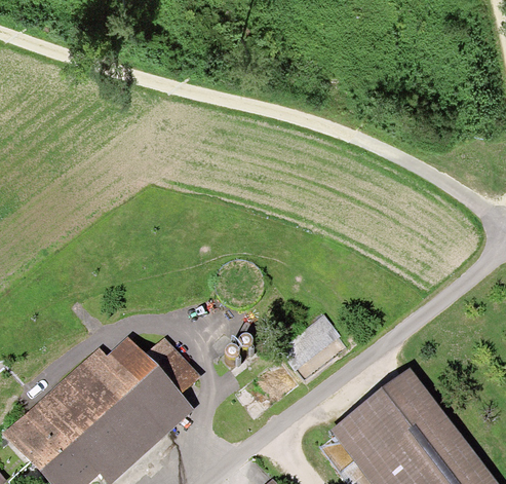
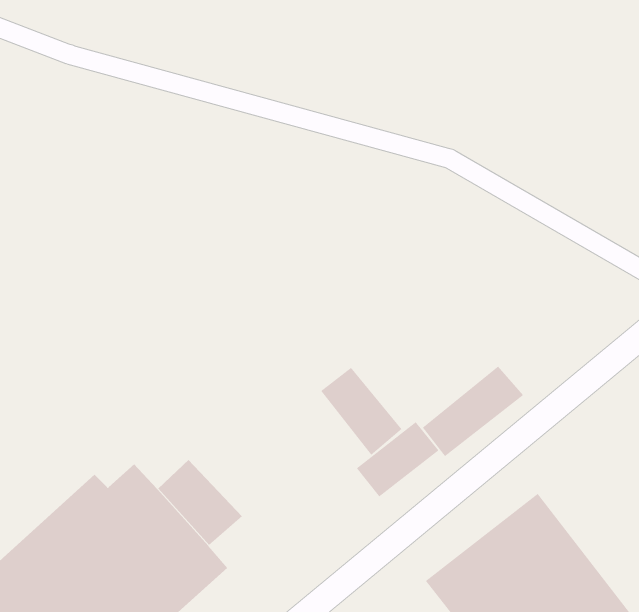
building: none -> [422,366,524,457]
building: none -> [320,367,402,456]

